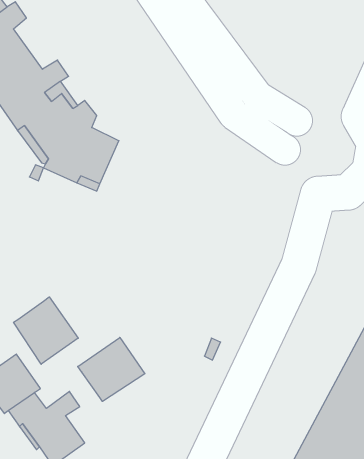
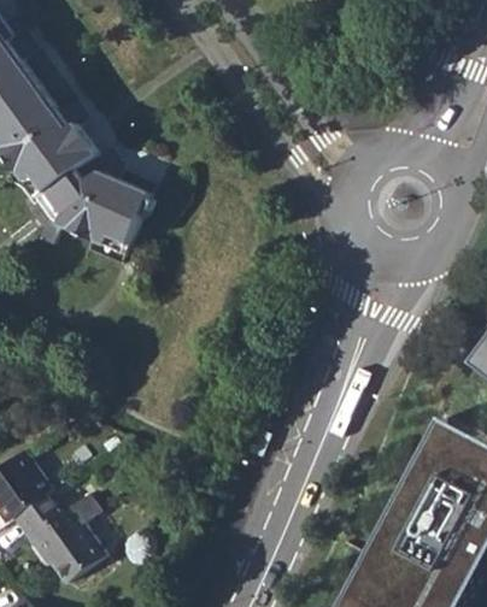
building: [14,297,78,364] -> none
building: [78,337,145,401] -> none

